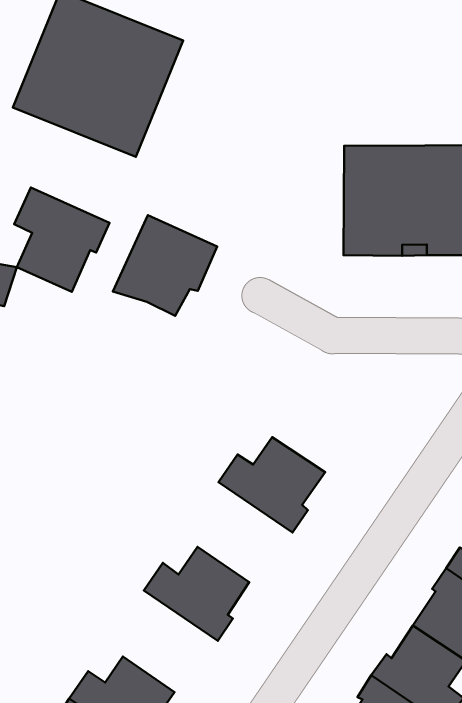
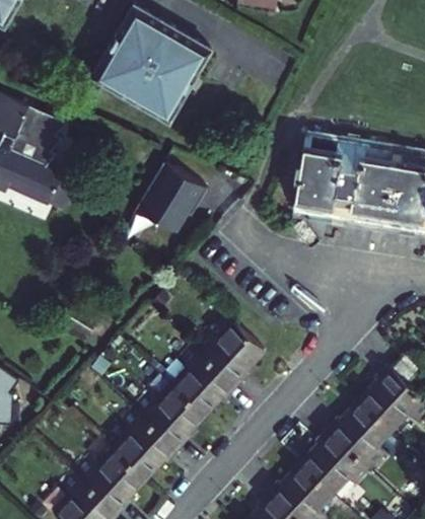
building: [14,187,110,292] -> none
building: none -> [170,349,234,418]
building: none -> [111,413,174,483]

